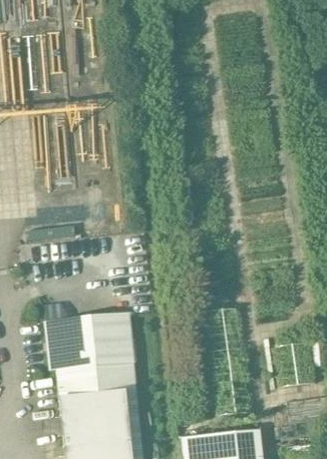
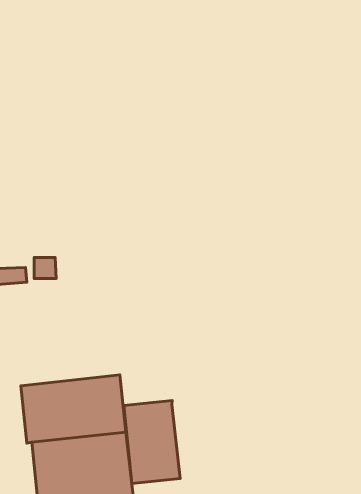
building: none -> [124,401,180,484]

